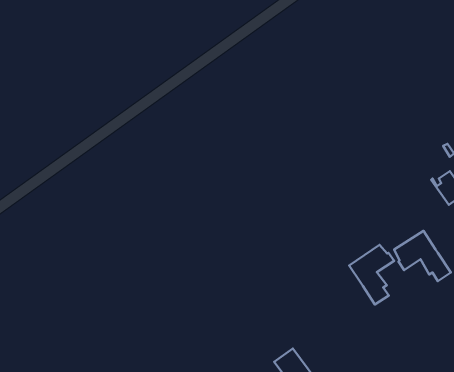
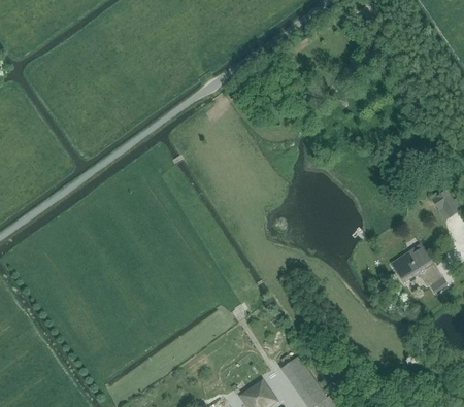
building: [349,245,394,304] -> none

